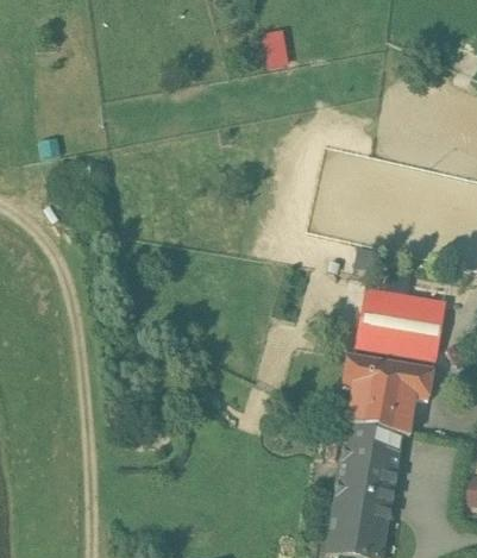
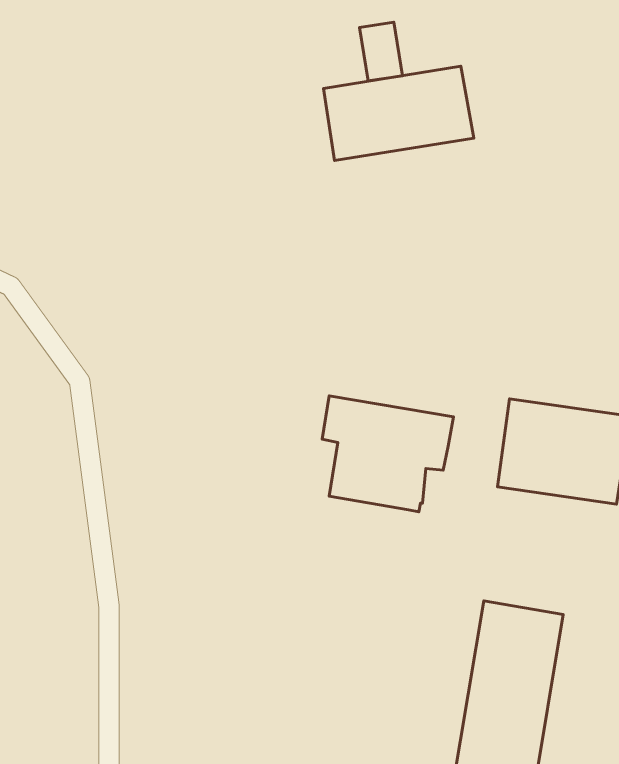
building: none -> [323,66,474,161]
building: [341,357,432,437] -> [322,396,453,512]

